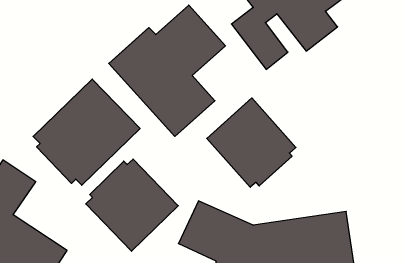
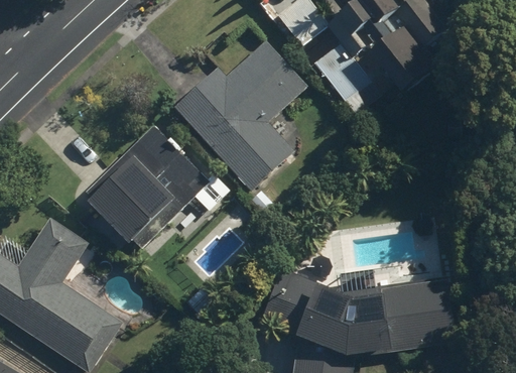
building: [207,98,296,187] -> none
building: [86,159,178,251] -> none

